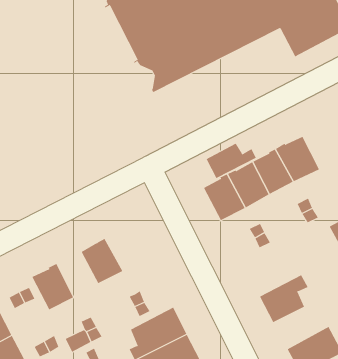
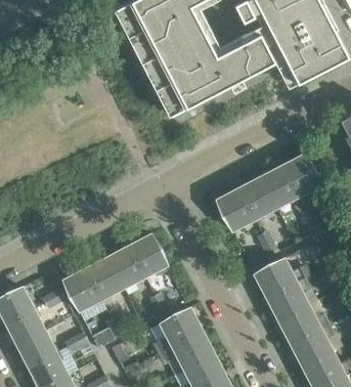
building: [206,143,256,179] -> none
building: none -> [128,234,167,275]
building: none -> [85,258,122,299]
building: none -> [254,259,304,298]
building: none -> [278,307,328,345]

